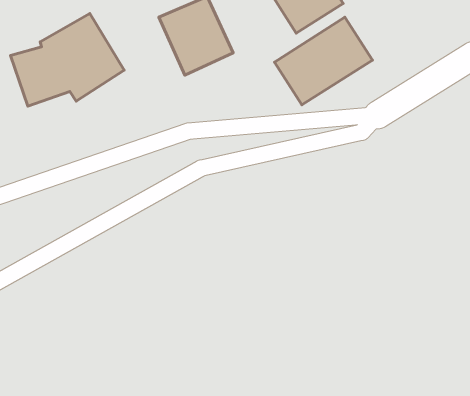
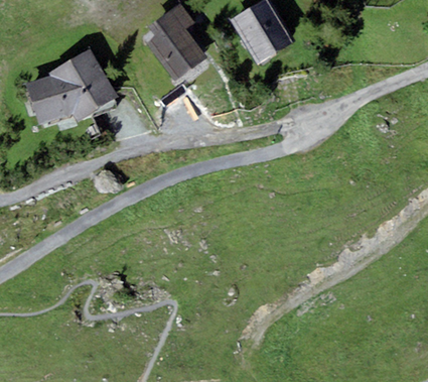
building: [275,17,372,105] -> none

